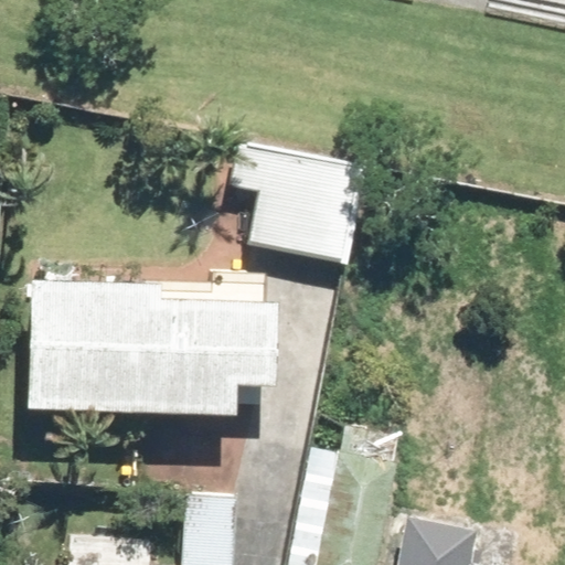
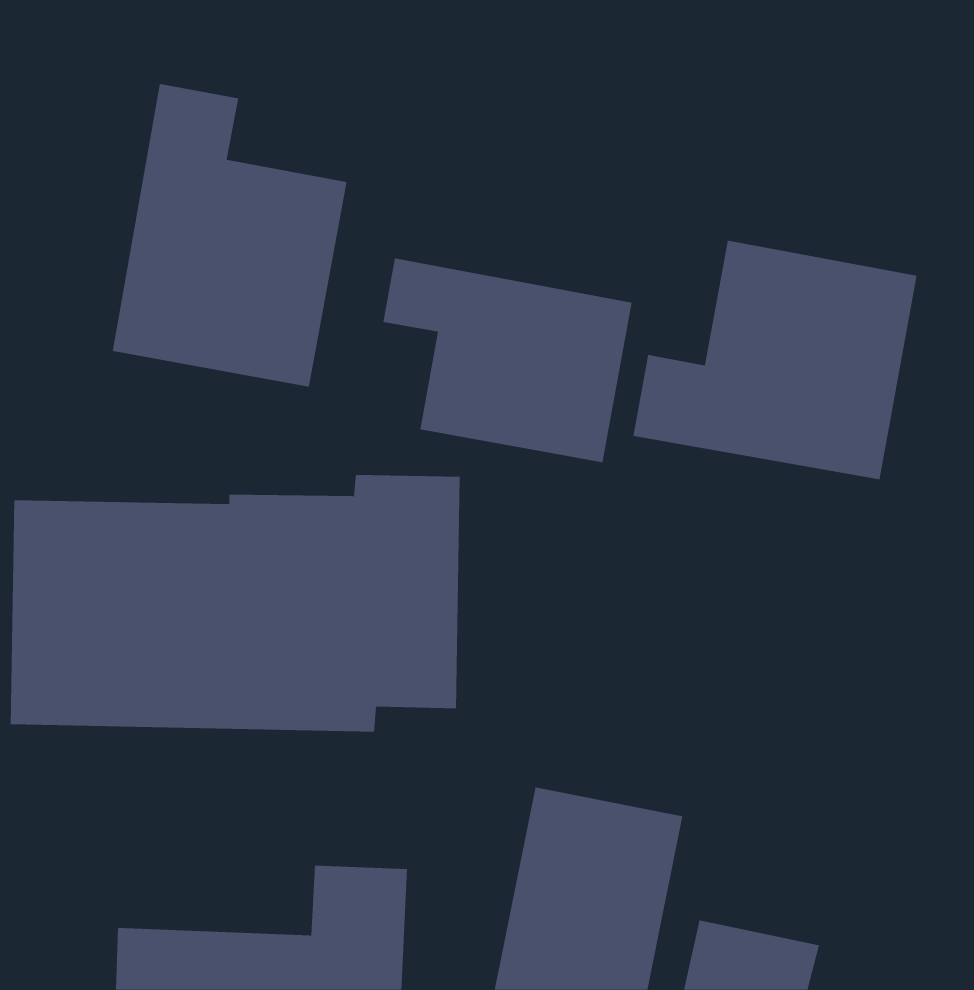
building: none -> [112,83,347,388]
building: none -> [633,240,917,480]

